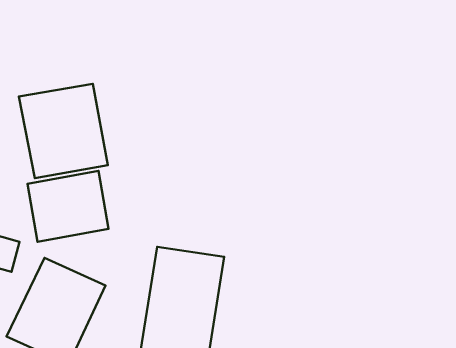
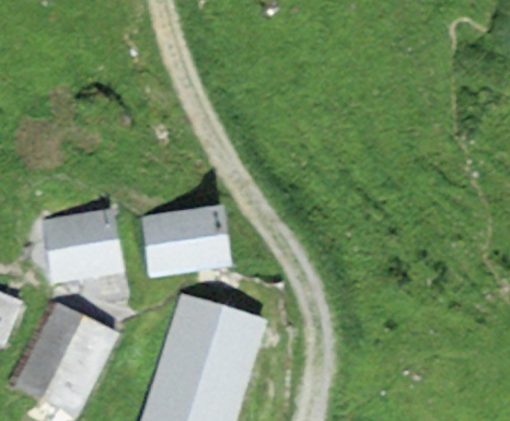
building: [19,84,108,178] -> none
building: none -> [135,206,233,286]

